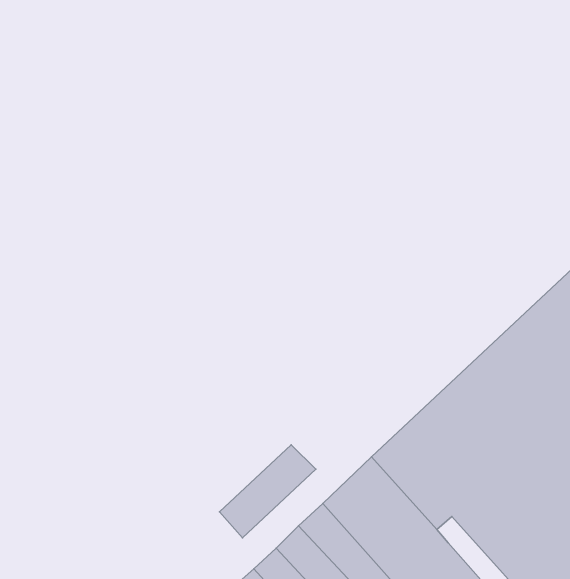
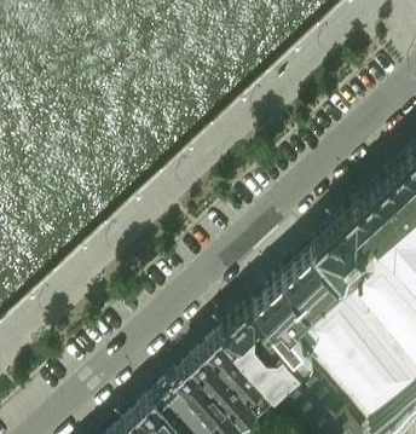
building: [220,445,316,538] -> none

